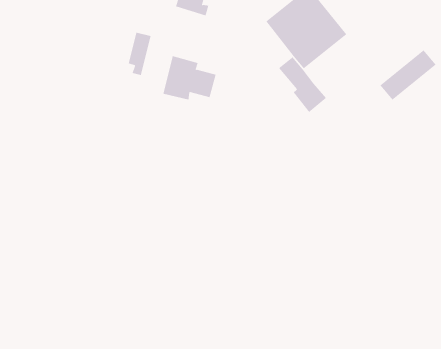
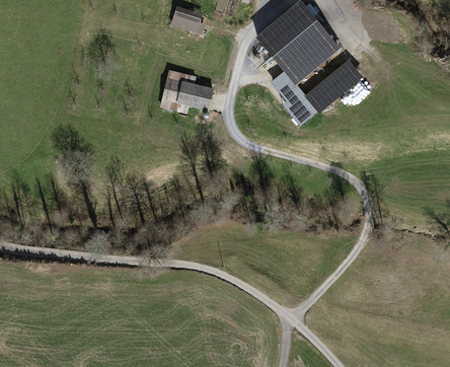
building: [128,32,151,76] -> none
building: [379,49,437,100] -> [305,62,360,111]

